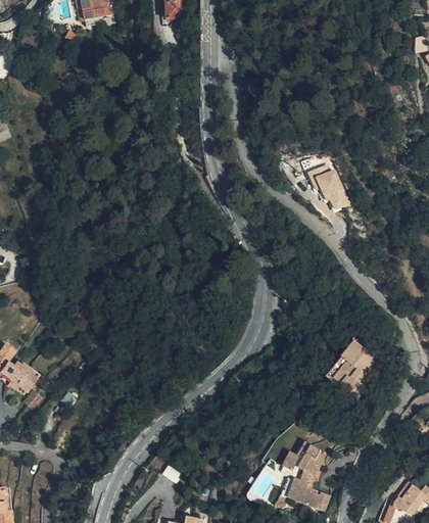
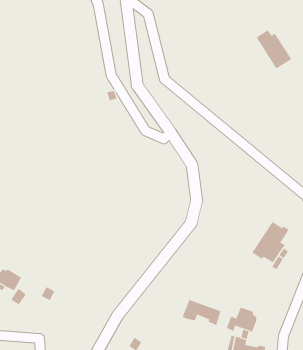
building: [311,162,352,212] -> [256,30,292,69]
building: none -> [182,299,221,326]

